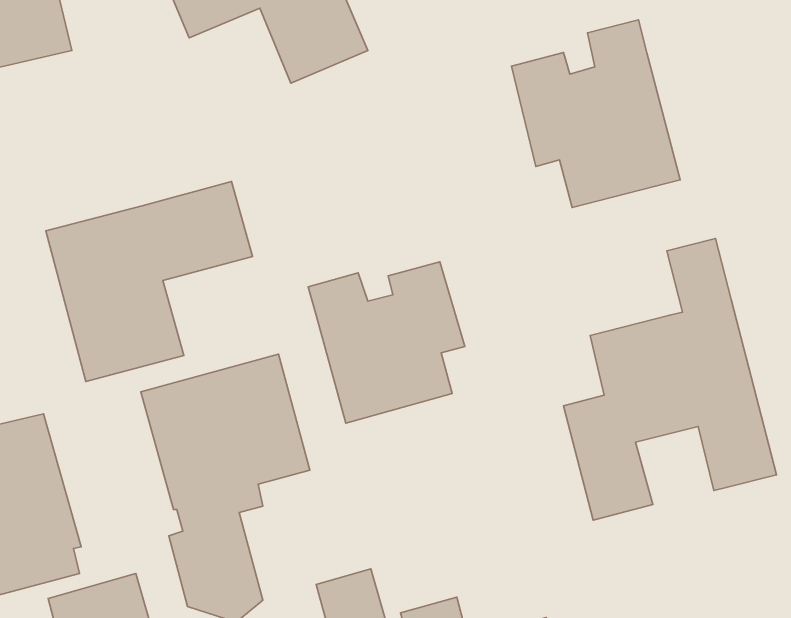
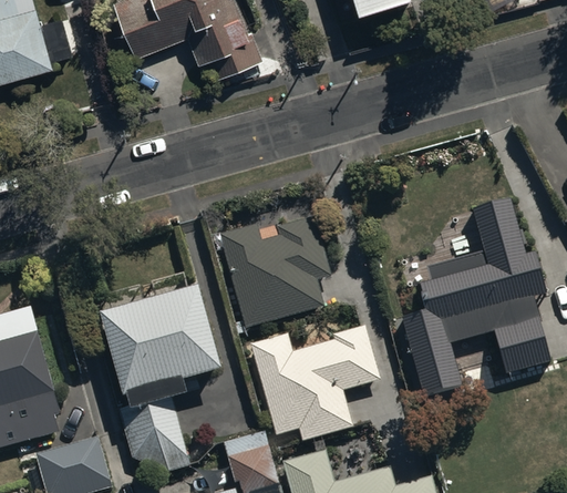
building: [511,20,680,208] -> none
building: [46,182,252,381] -> none
building: none -> [250,326,379,441]

